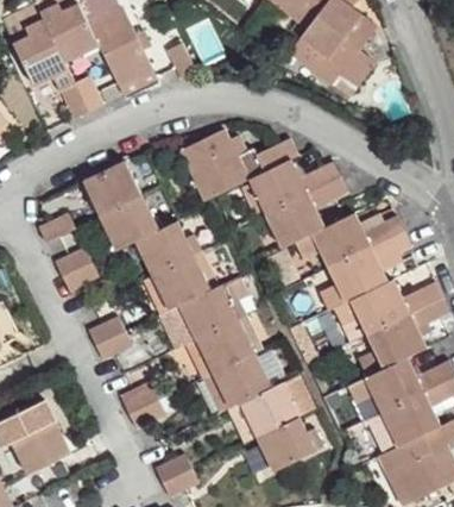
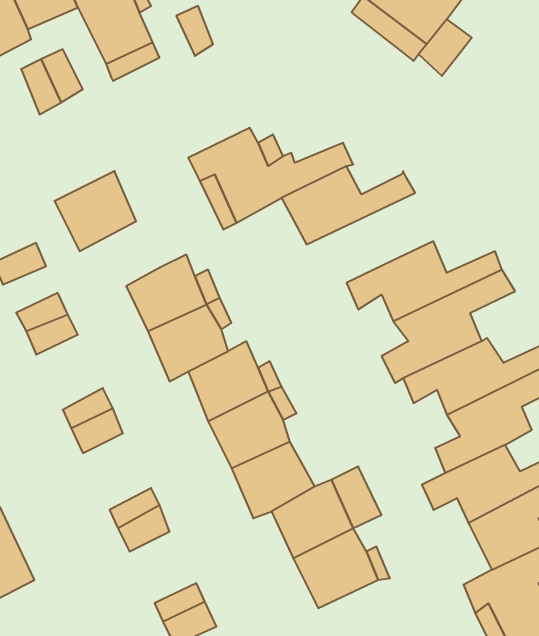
building: [261,176,347,246] -> none
building: [100,196,157,250] -> none

